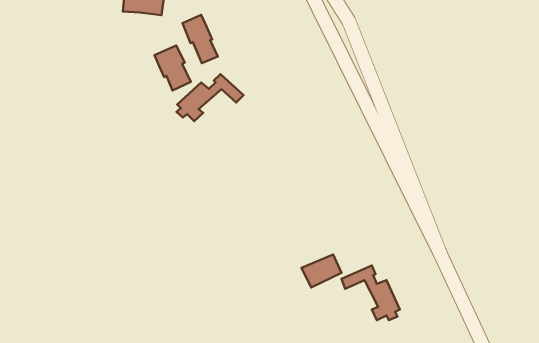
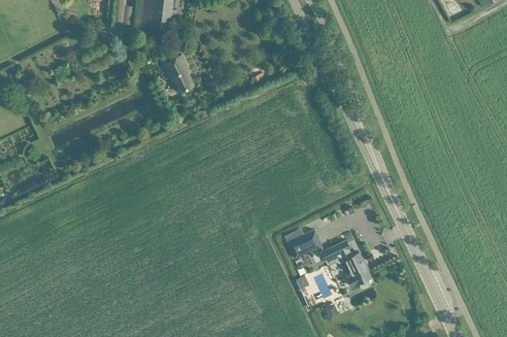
building: [183,15,218,63] -> none
building: [177,74,243,121] -> none

